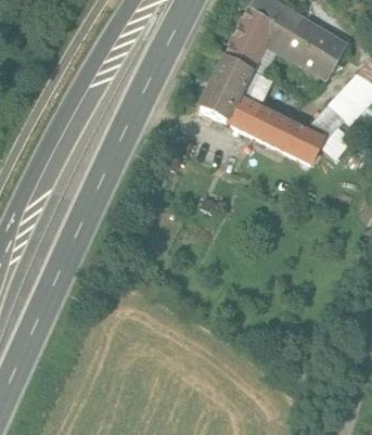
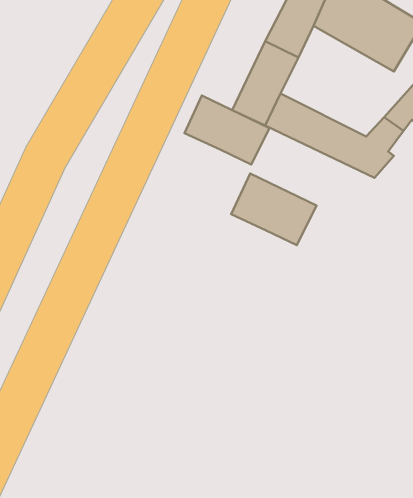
building: none -> [184,96,269,164]
building: none -> [231,174,316,245]

